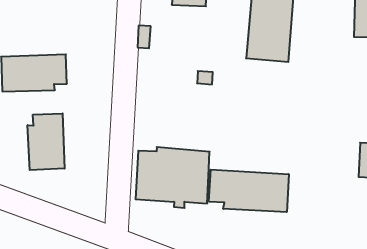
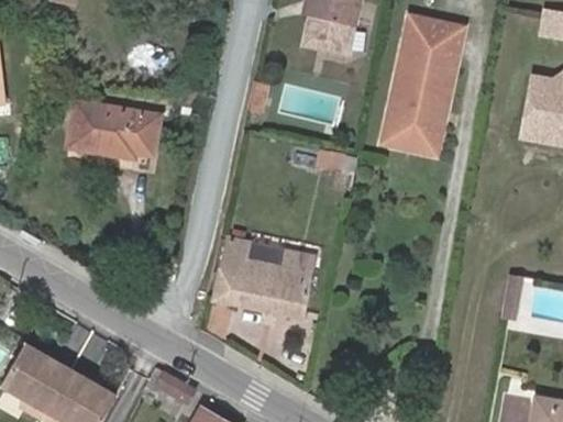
building: [28,113,65,170] -> none
building: [209,170,289,212] -> none

